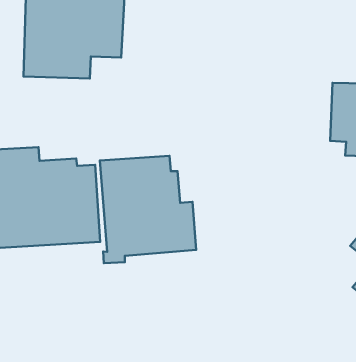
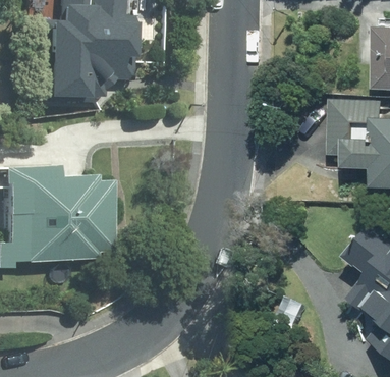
building: [100,156,196,263] -> none

